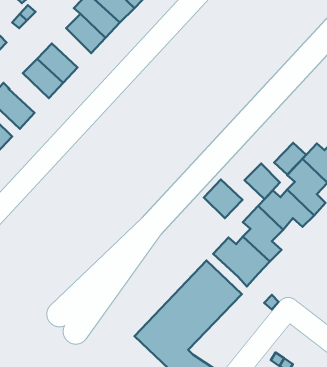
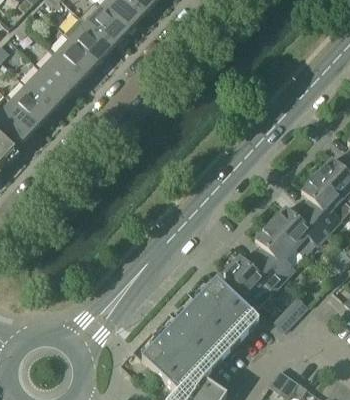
building: none -> [56,35,97,76]
building: none -> [11,82,53,123]
building: [274,143,306,175] -> none
building: [245,163,280,199] -> none
building: [204,179,243,218] -> none

